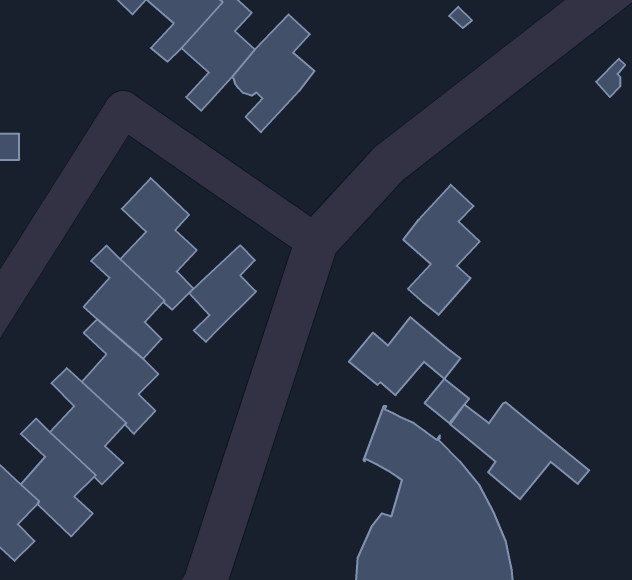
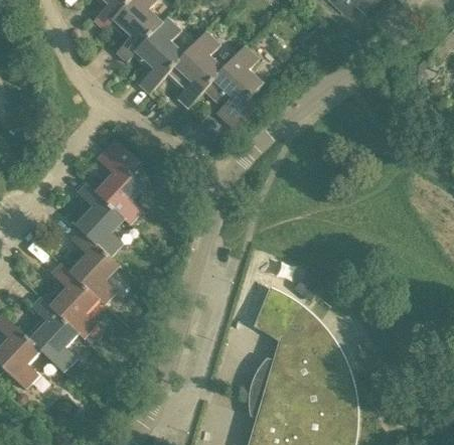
building: [403,185,480,315] -> [213,44,264,130]
building: [189,245,256,342] -> none
building: [349,317,461,395] -> none
building: [450,402,589,499] -> none

